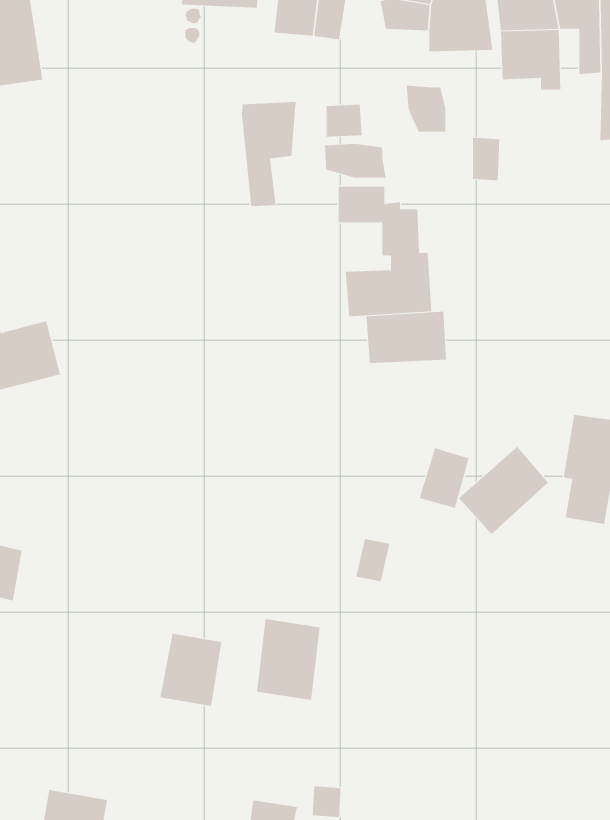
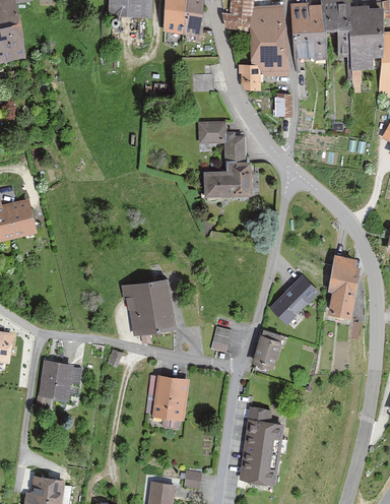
building: none -> [251,43,289,77]
building: [241,101,297,207] -> none
building: [325,143,386,179] -> none
building: [366,311,446,364] -> none
building: [419,448,469,509] -> [252,334,281,370]
building: none -> [120,278,176,335]
building: [159,633,222,706] -> [36,358,72,400]
building: none -> [240,406,287,486]

